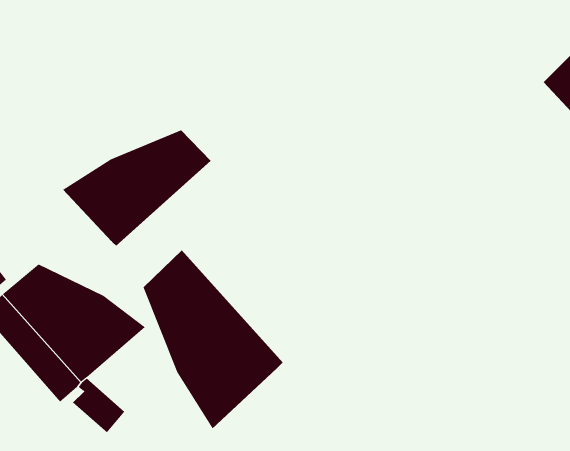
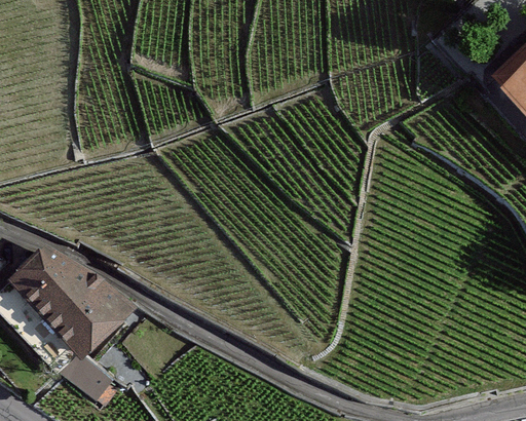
building: [62,129,212,246] -> none
building: [143,249,283,429] -> none

